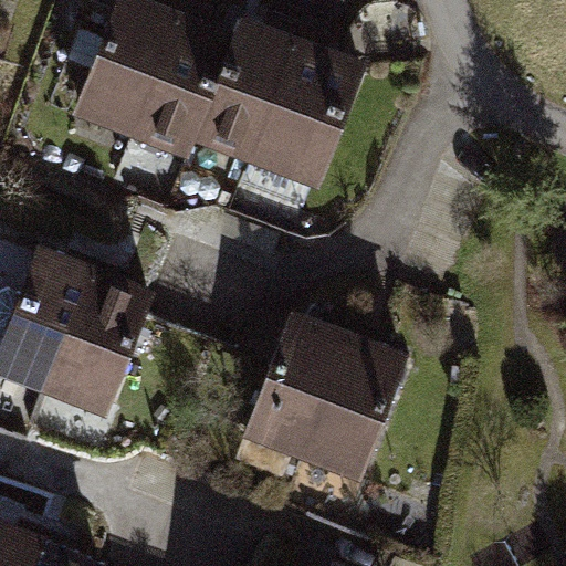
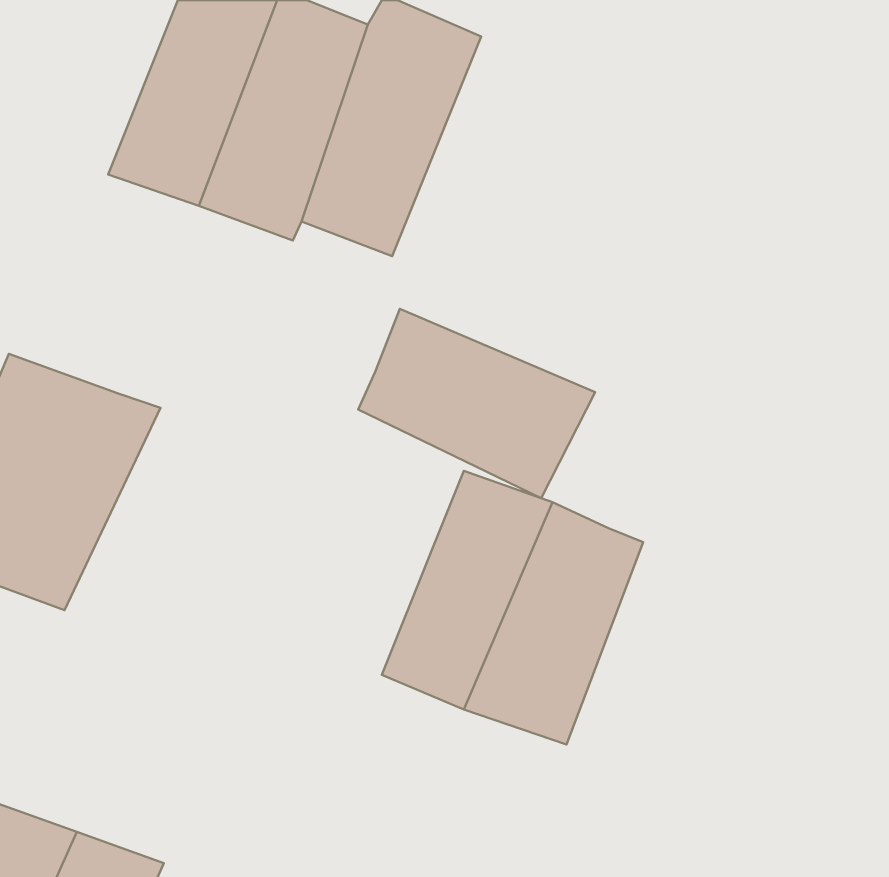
building: [249,32,370,193] -> none
building: none -> [358,309,595,498]
building: [41,268,155,421] -> none

